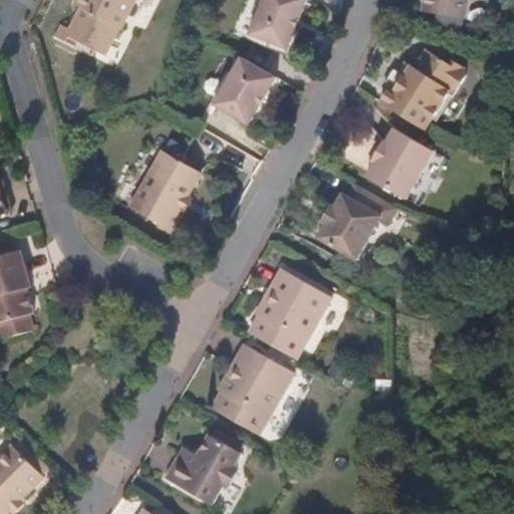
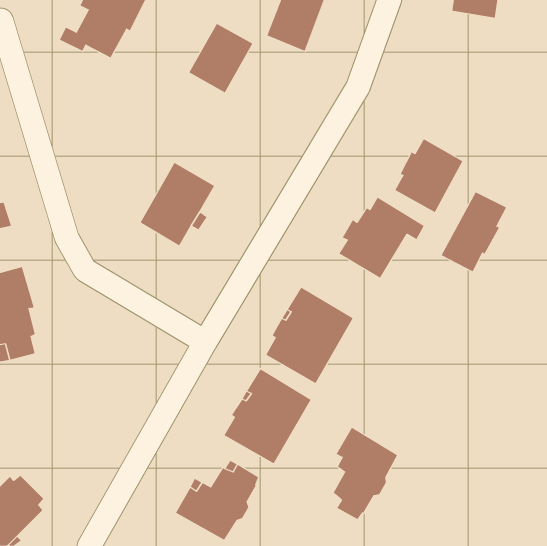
building: [378,47,466,128] -> none
building: [213,57,273,122] -> [189,23,253,93]
building: none -> [441,192,507,272]
building: none -> [333,427,398,520]

